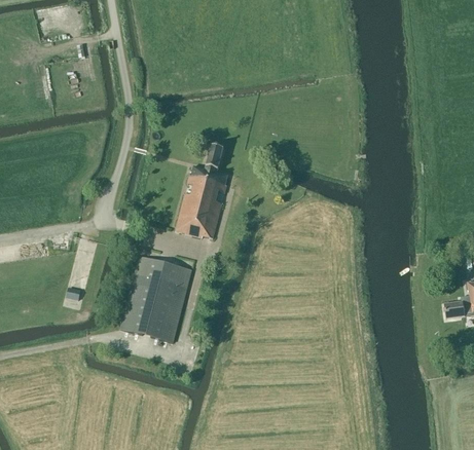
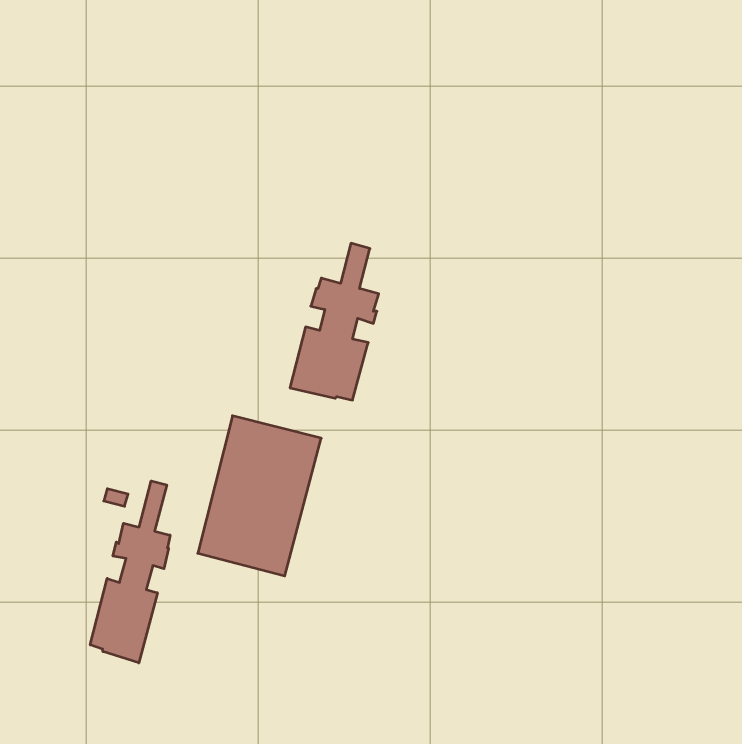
building: none -> [90,481,170,663]

